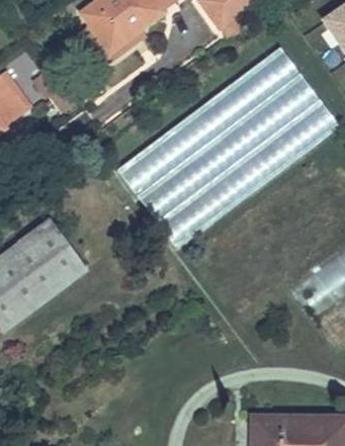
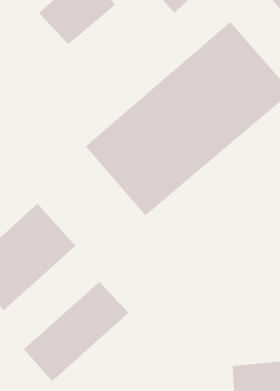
building: none -> [23,281,129,382]

